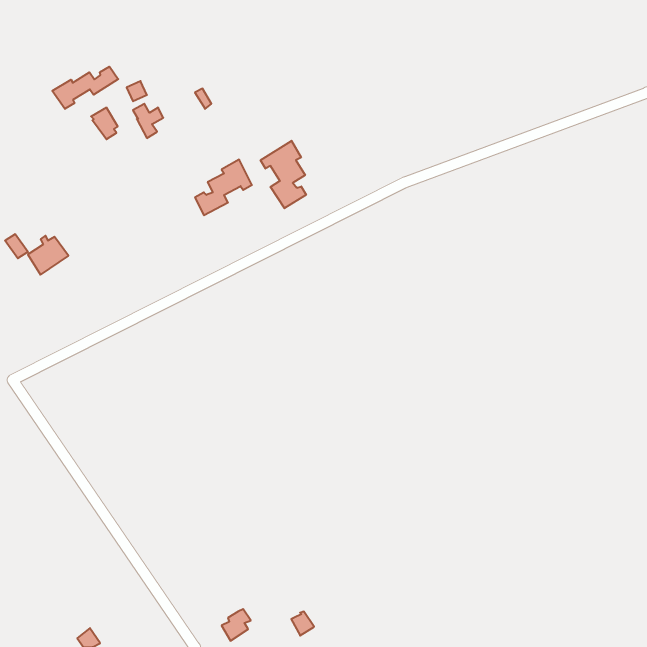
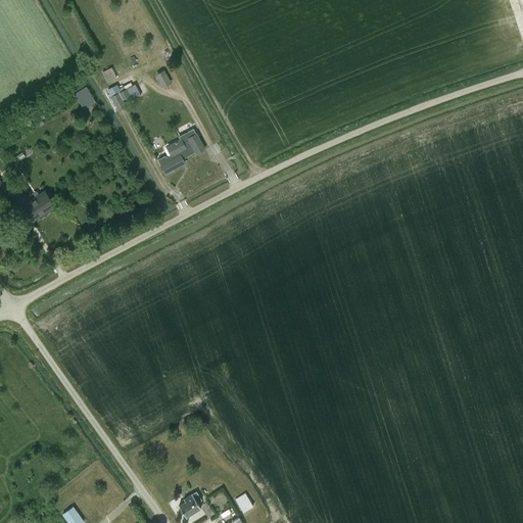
building: [52,67,118,109] -> none
building: [261,141,306,208] -> none

